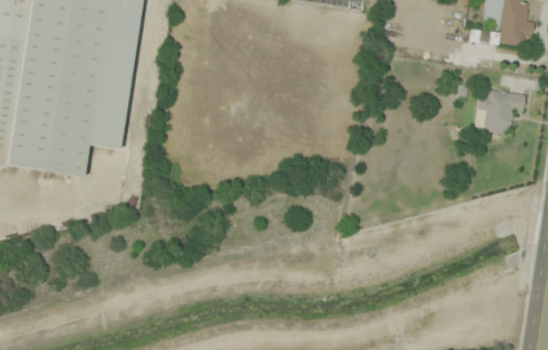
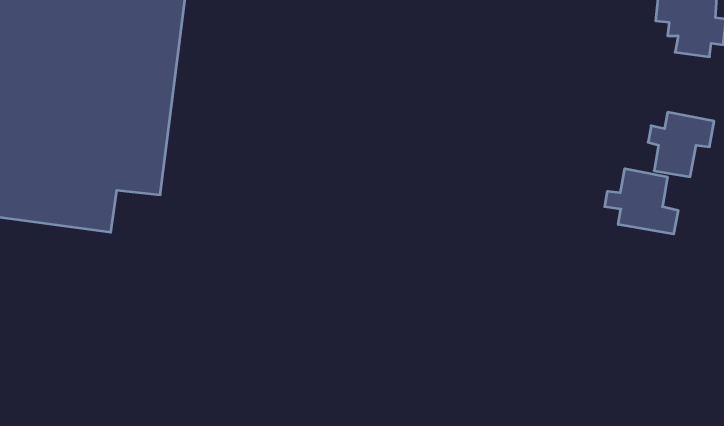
building: none -> [605,169,678,234]

